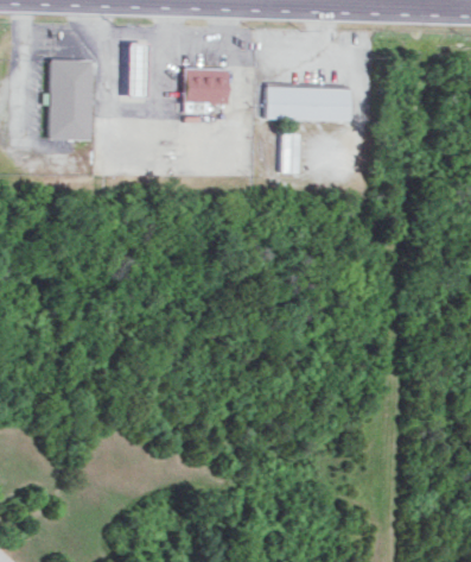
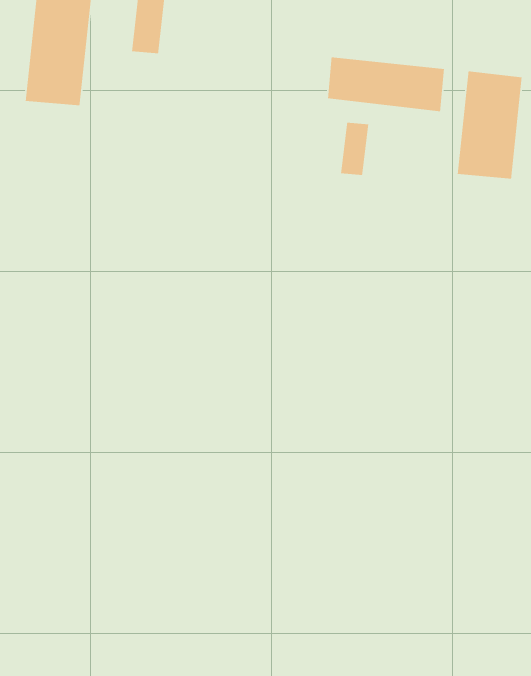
building: [184,68,228,105] -> none
building: none -> [457,70,522,180]

